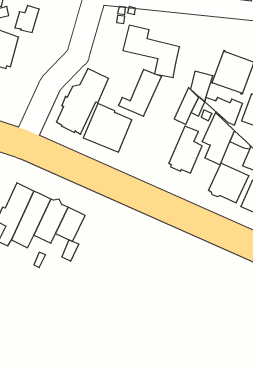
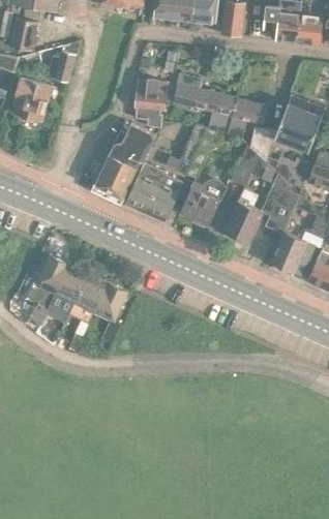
building: none -> [136,78,172,128]
building: none -> [230,97,268,139]
building: none -> [180,176,226,226]

